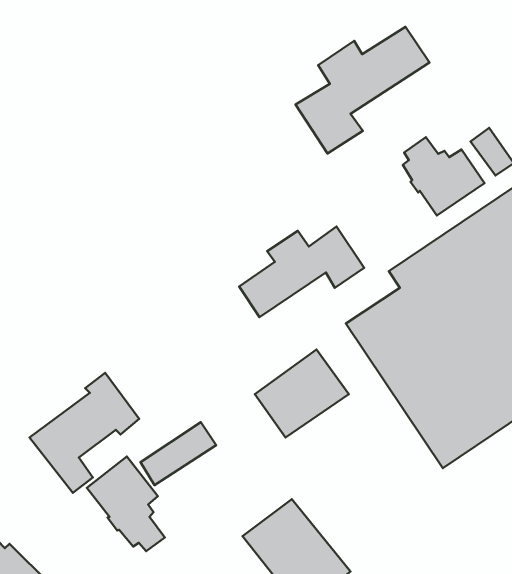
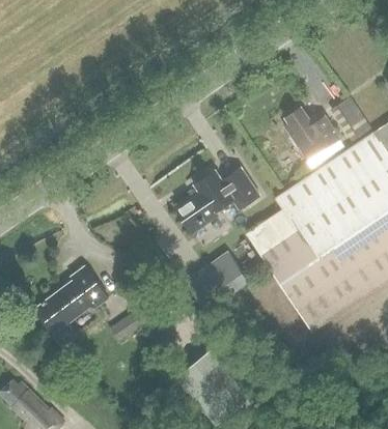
building: [295,27,429,153] -> none
building: [87,457,165,551] -> none

